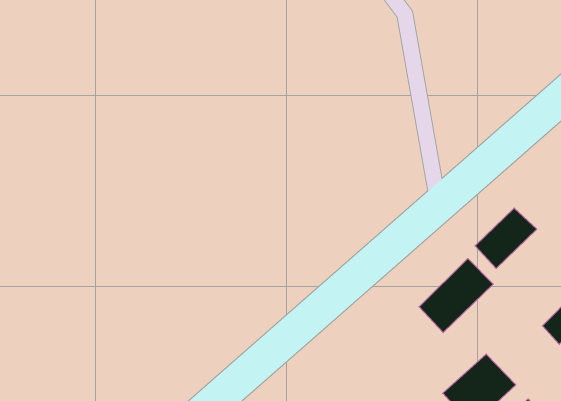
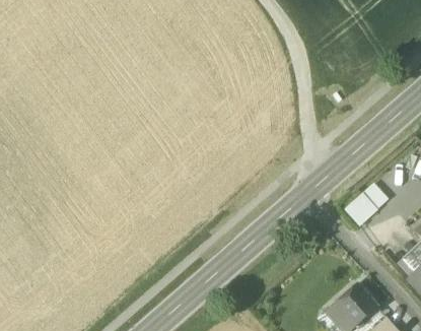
building: [419,259,493,333] -> none

